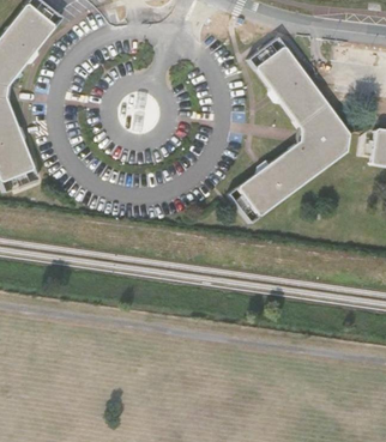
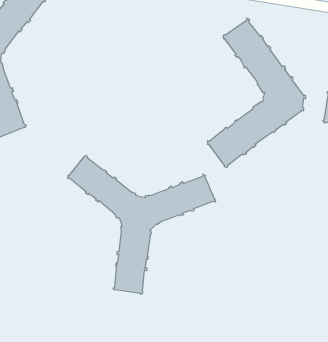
building: none -> [68,155,216,294]

